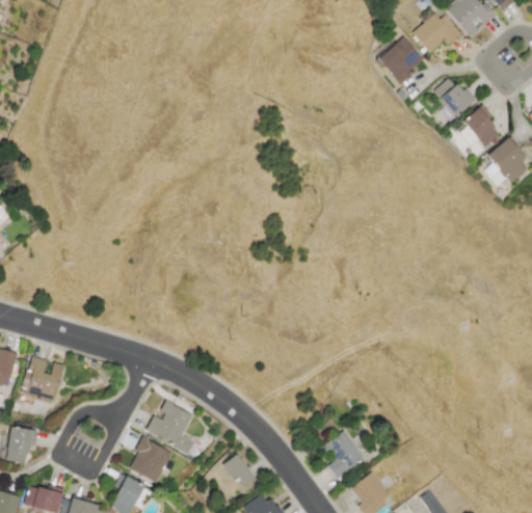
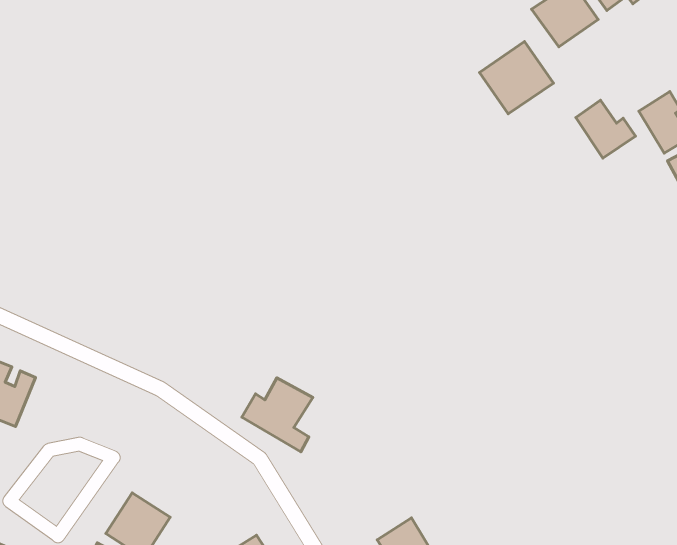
building: [432,78,476,118] -> [576,100,635,158]
building: none -> [480,41,553,114]
building: [145,403,194,453] -> [242,378,313,452]

